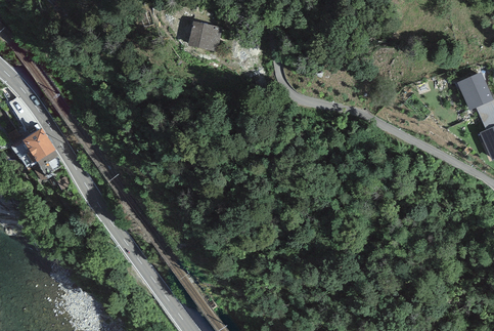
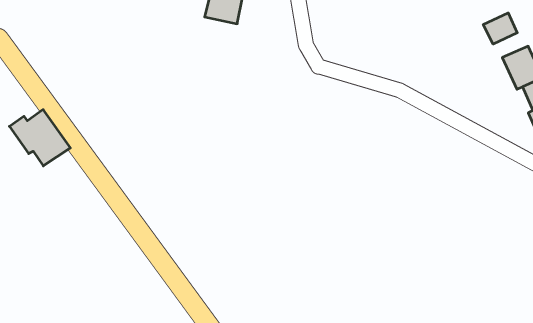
building: none -> [483,13,517,44]

